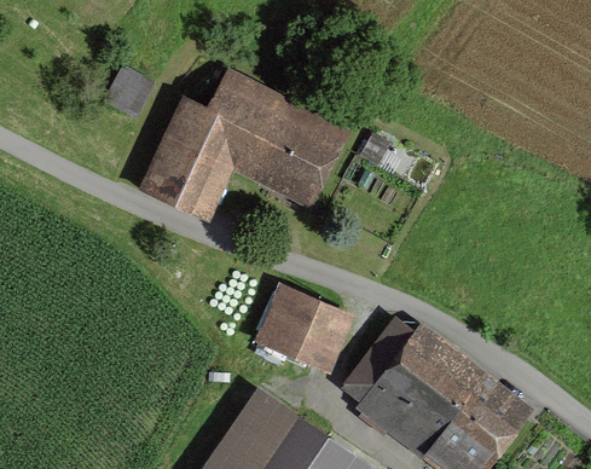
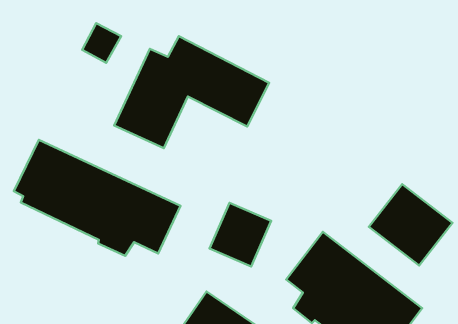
building: none -> [14,140,180,256]
building: none -> [369,184,452,266]

